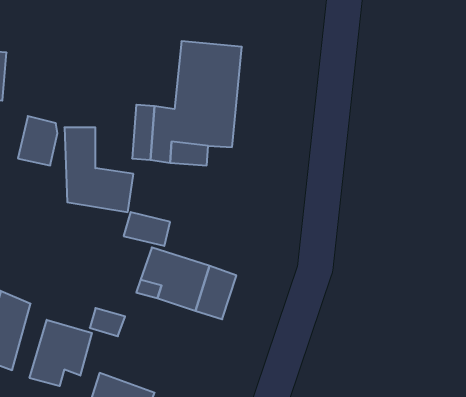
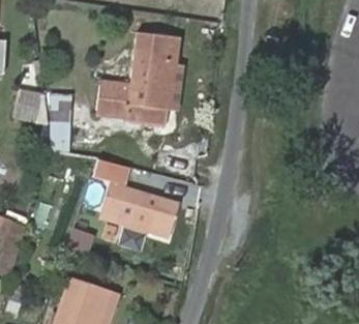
building: [30,320,92,386] -> none

